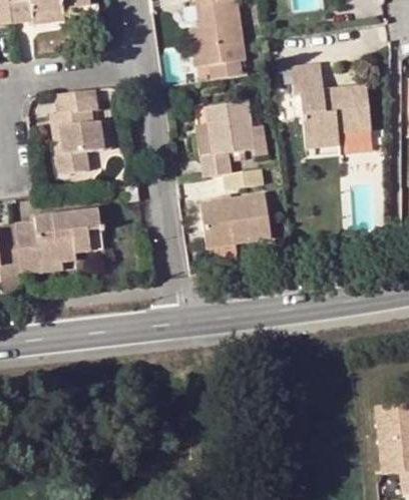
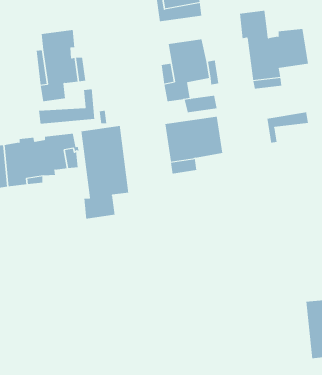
building: none -> [39,88,95,125]
building: none -> [267,112,309,144]
building: none -> [81,125,129,219]

